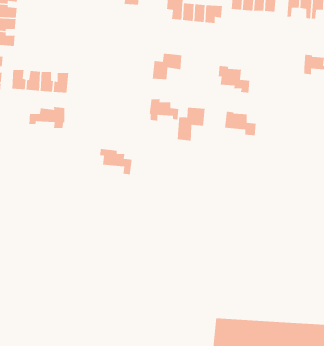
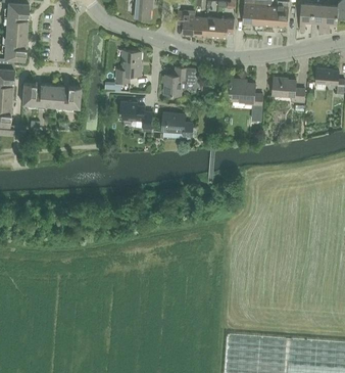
building: none -> [115,51,141,82]
building: [29,106,65,129] -> none
building: [177,107,206,141] -> none
building: [224,111,257,136] -> [272,78,304,103]
building: [99,148,133,175] -> [118,101,152,129]

